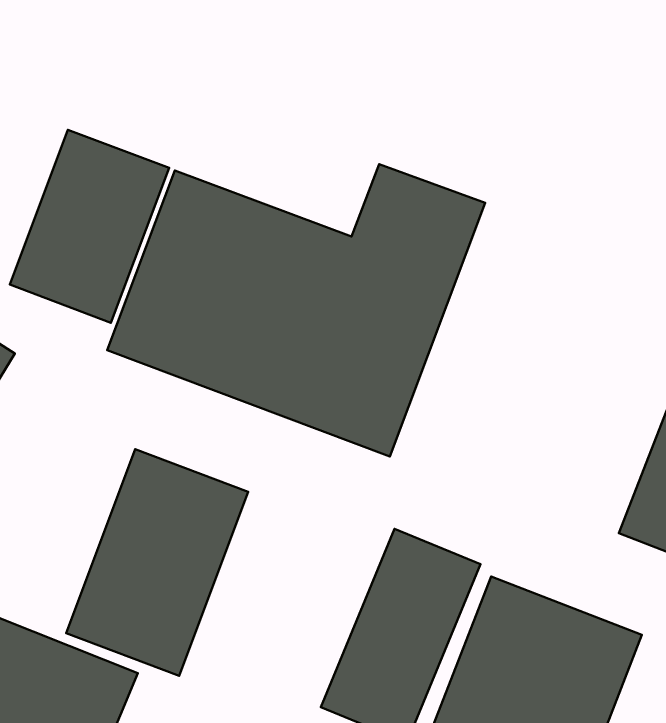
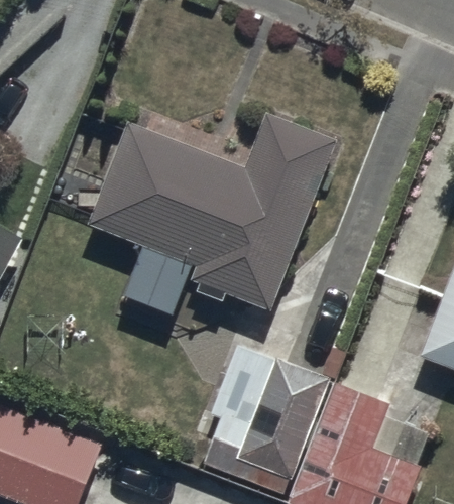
building: [10,130,169,323] -> none
building: [66,449,248,676] -> none

